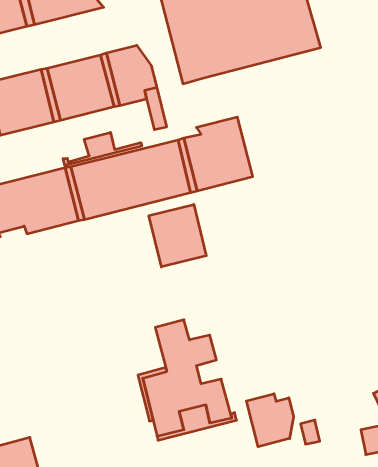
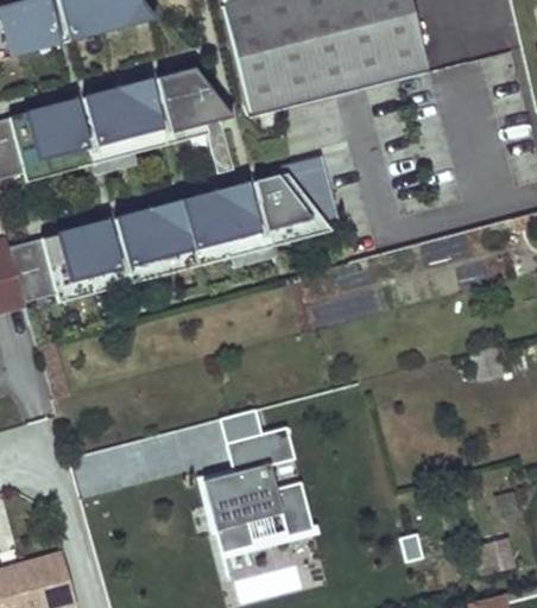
building: [63,132,142,166] -> none
building: [149,204,206,267] -> none
building: [246,394,294,447] -> none

